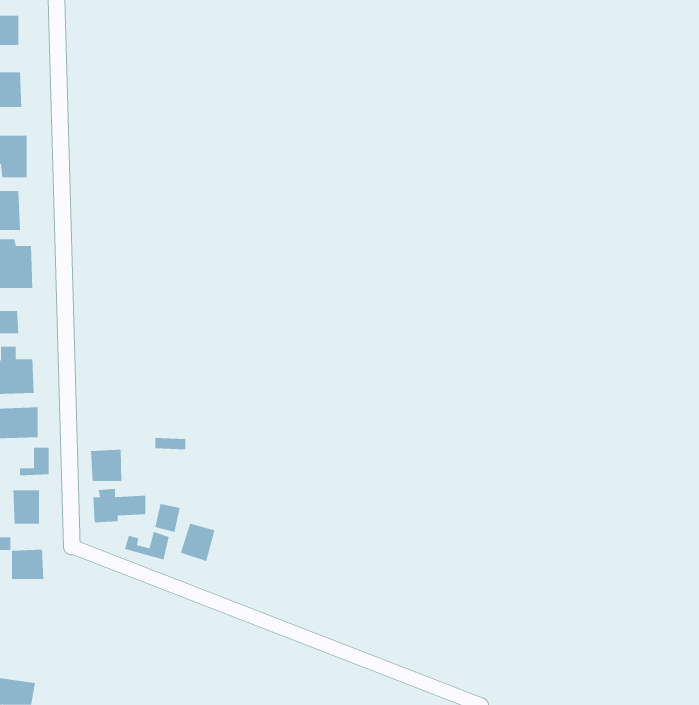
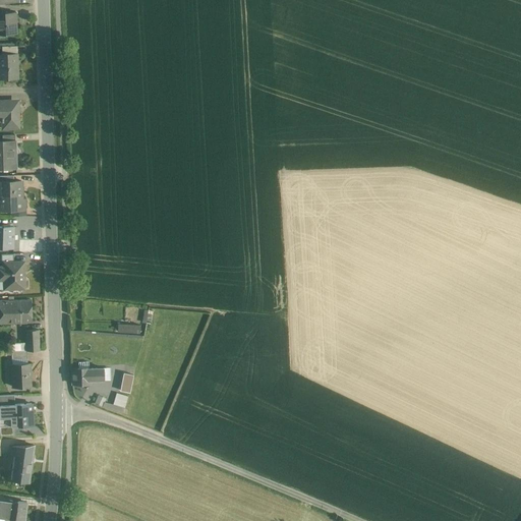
building: [90,449,122,482] -> none
building: [180,523,215,562] -> none
building: none -> [7,446,35,481]

